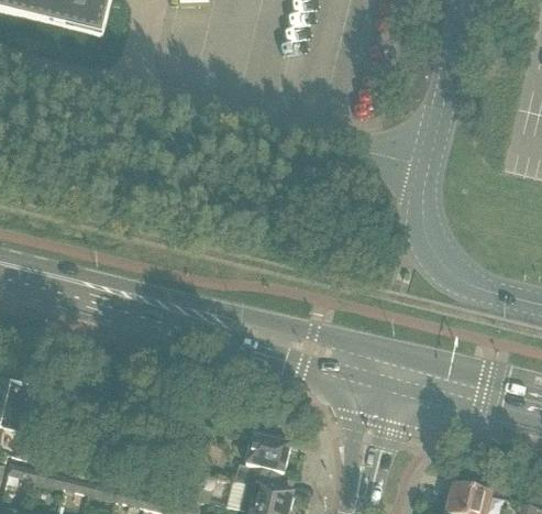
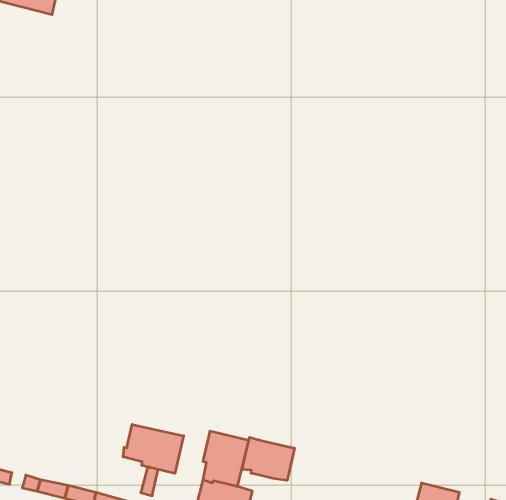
building: none -> [123,424,184,473]
building: none -> [242,437,294,480]

